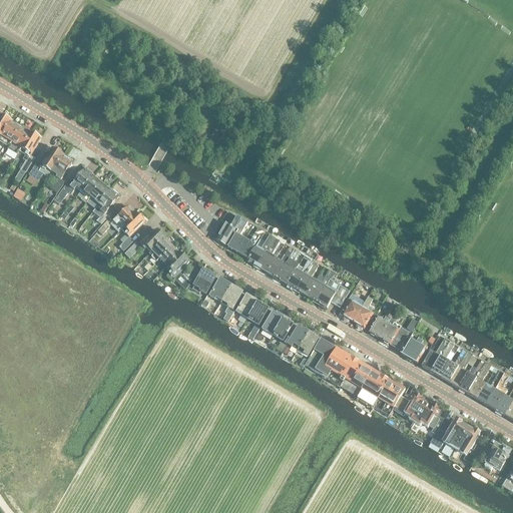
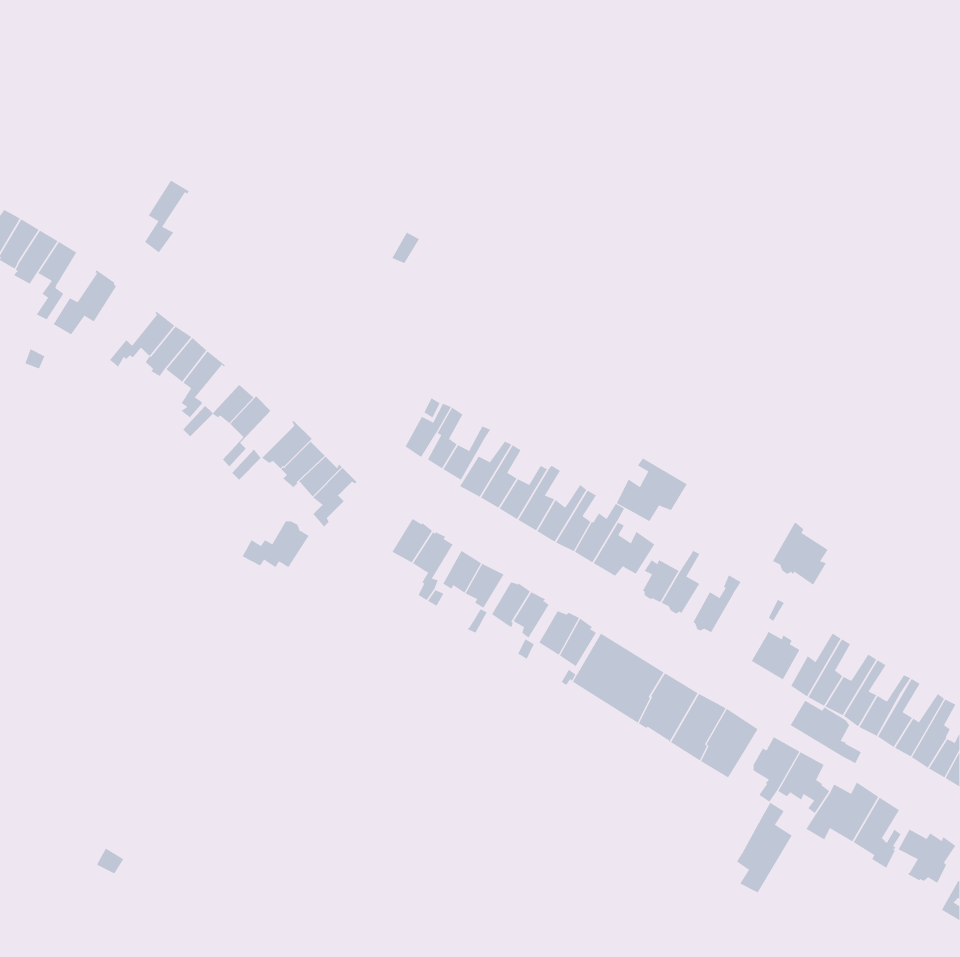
building: [48,152,72,191] -> [144,180,189,253]
building: none -> [616,457,687,522]
building: [179,267,215,292] -> [242,521,310,568]
building: [379,316,409,350] -> [772,522,829,586]
building: none -> [790,700,861,764]
building: none -> [736,802,792,893]

